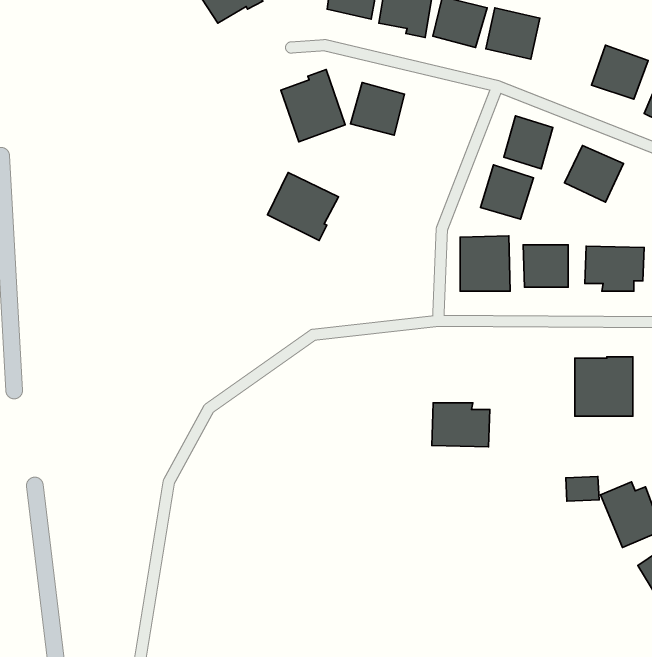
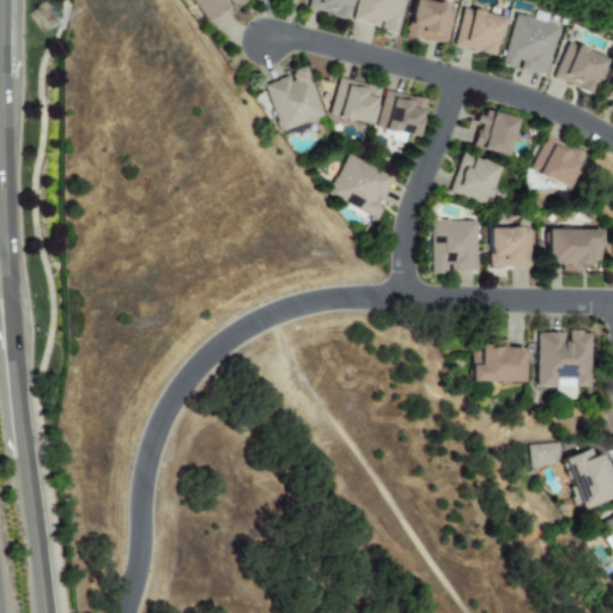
building: none -> [504,14,563,74]
building: none -> [380,90,429,136]
building: [268,172,338,241] -> [332,154,397,218]
building: [432,403,490,447] -> [473,341,527,382]

